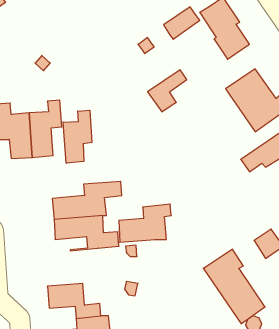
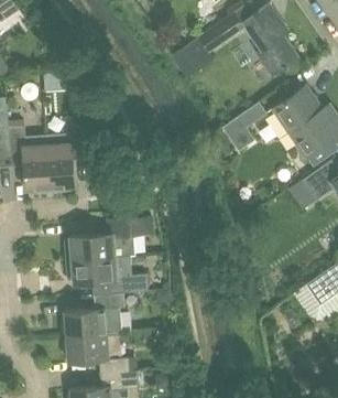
building: [148,70,187,112] -> [221,103,266,151]
building: [63,110,92,163] -> none
building: [119,204,171,242] -> [65,293,126,337]
building: [203,249,265,324] -> none

